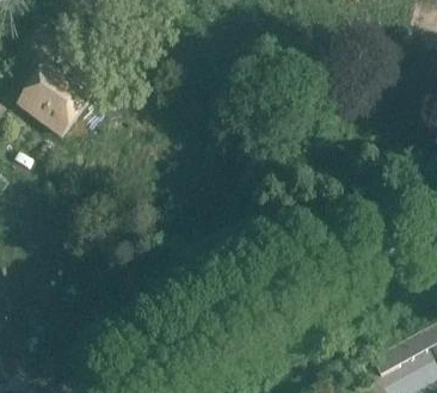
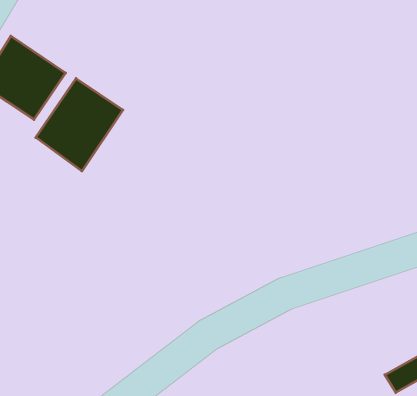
building: none -> [36,78,123,171]

